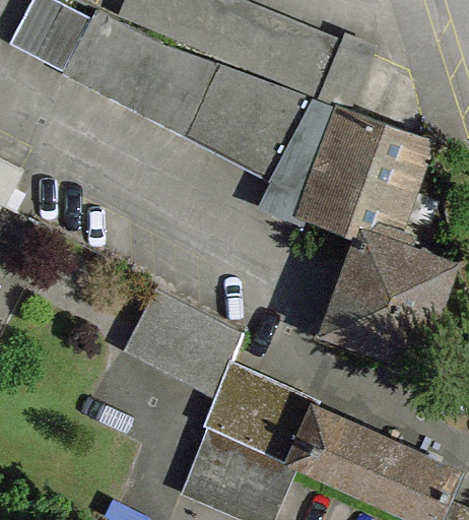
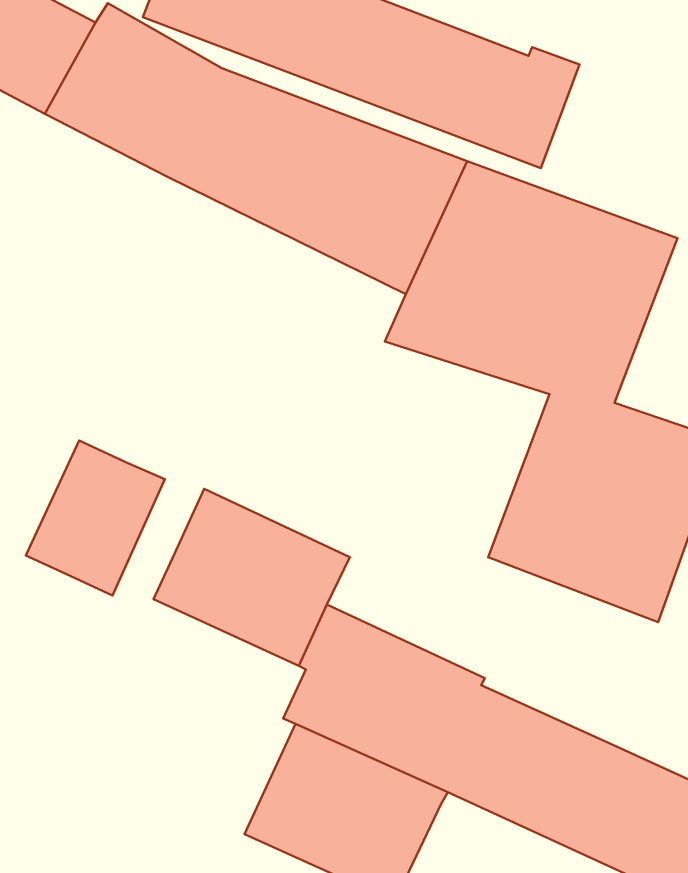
building: none -> [26,440,165,595]

